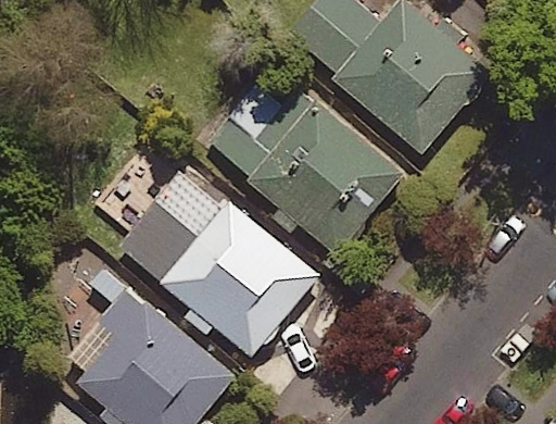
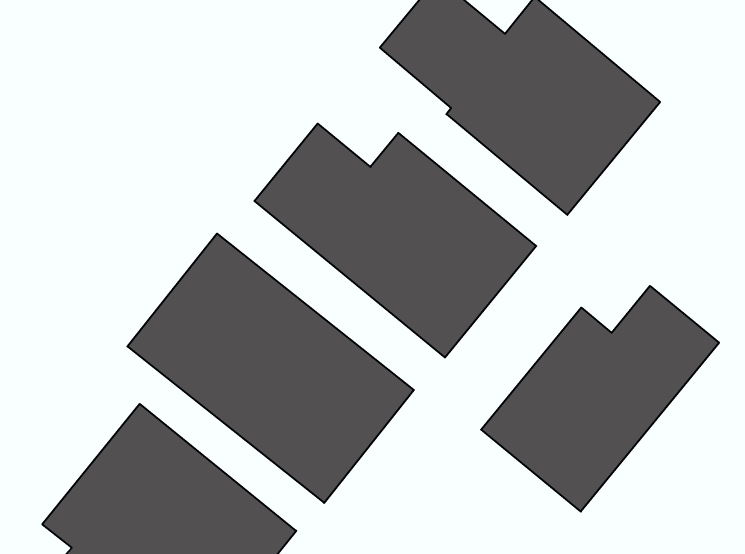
building: none -> [481,286,719,512]

